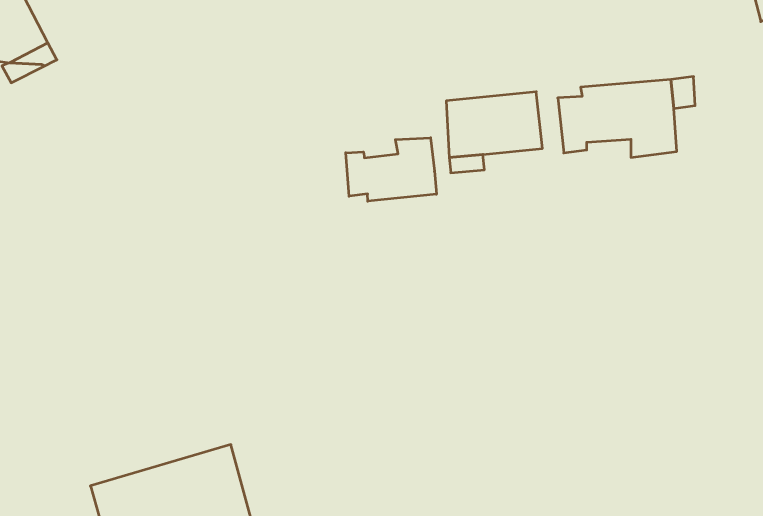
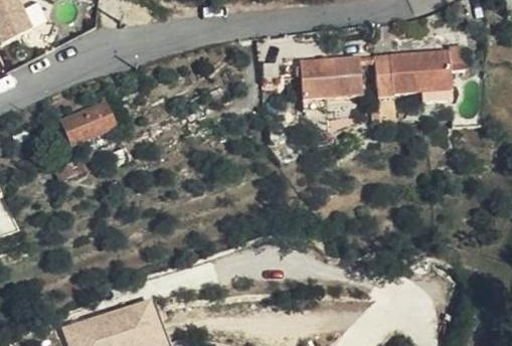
building: [346,138,436,201] -> none
building: none -> [60,97,116,139]

